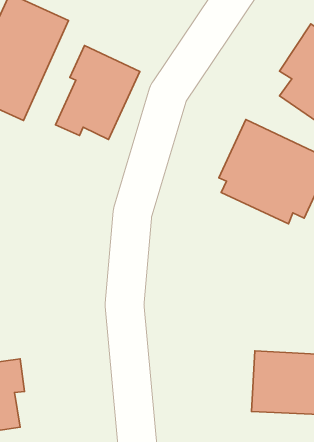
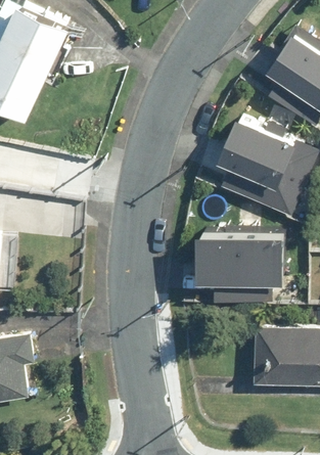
building: [55,46,140,140] -> none
building: none -> [198,238,291,302]

